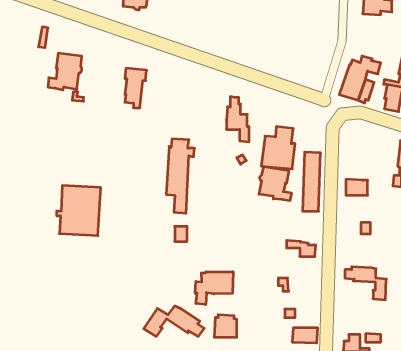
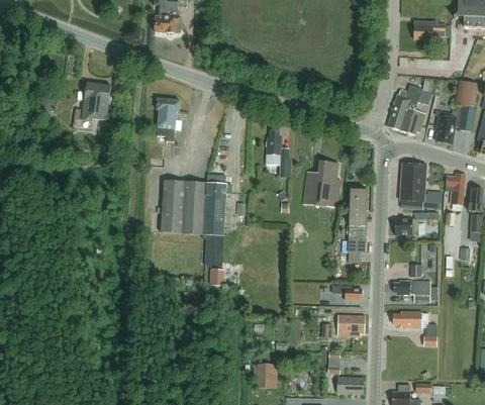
building: none -> [400,163,443,209]
building: [259,166,291,201] -> none
building: [57,186,101,236] -> [158,180,205,233]
building: none -> [394,280,430,302]
building: none -> [337,314,365,336]
building: [195,272,233,305] -> none
building: [144,306,204,336] -> none

